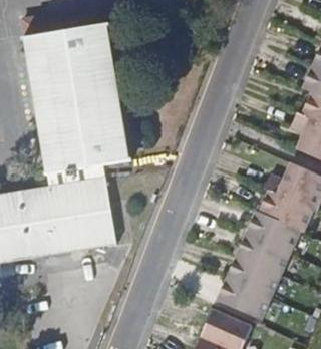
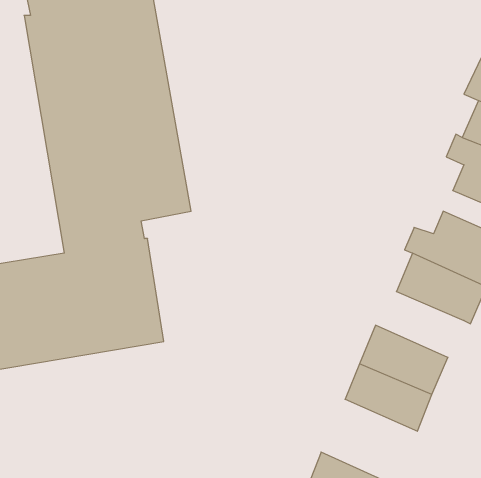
building: [245,210,300,252] -> none
building: [215,278,271,321] -> none

